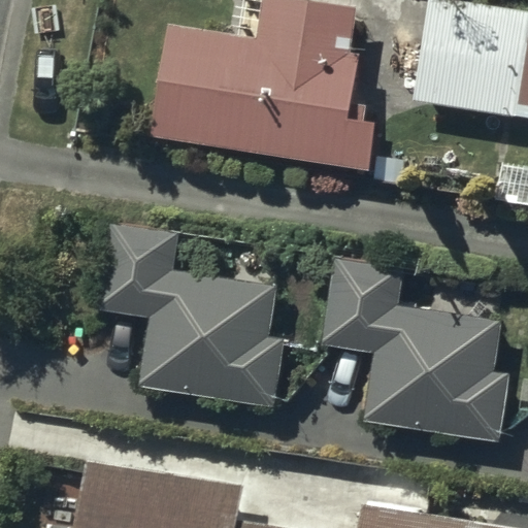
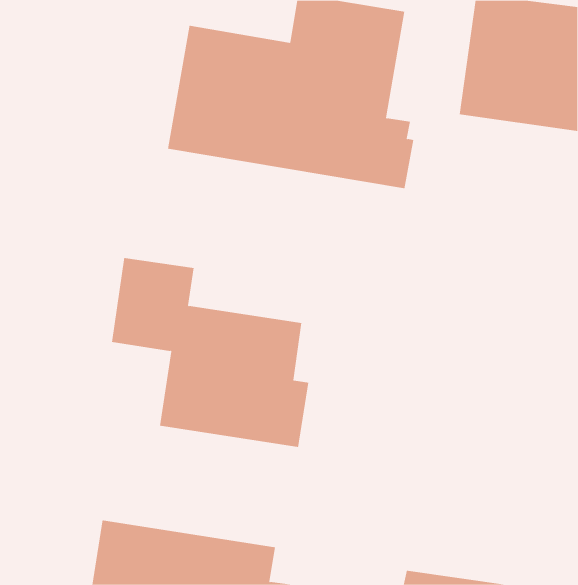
building: [328,270,503,438] -> none

